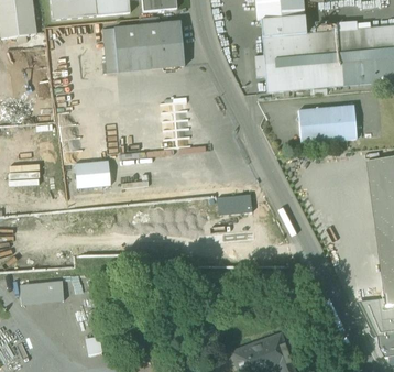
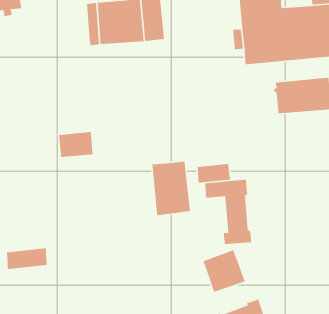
building: none -> [151,161,191,216]
building: none -> [204,179,252,245]
building: none -> [202,249,246,293]

